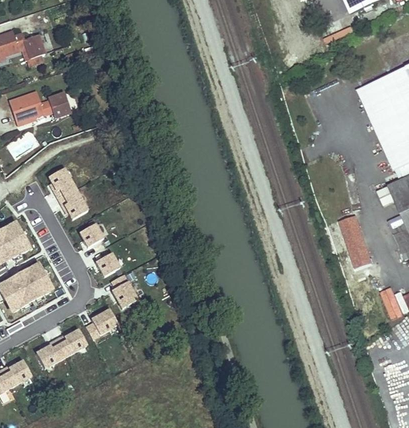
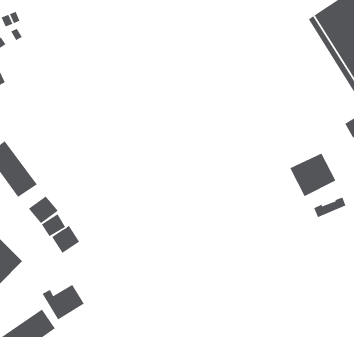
building: [107,274,138,309] -> none

